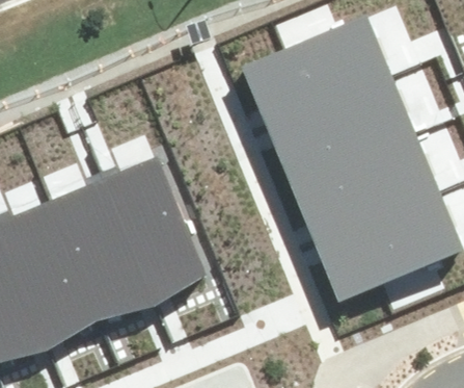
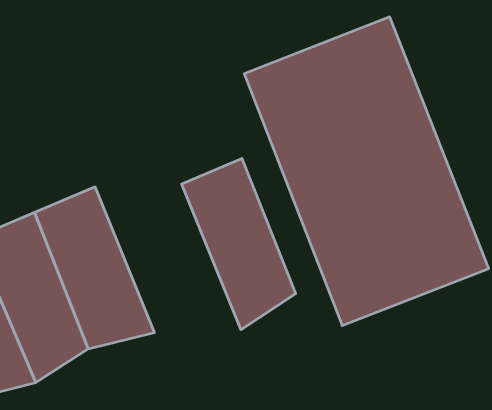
building: [109,149,211,302] -> [182,158,296,330]

